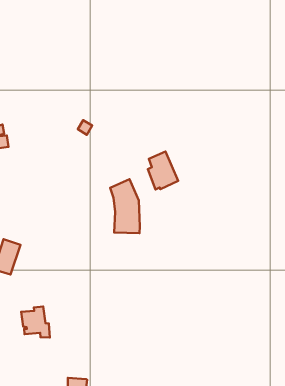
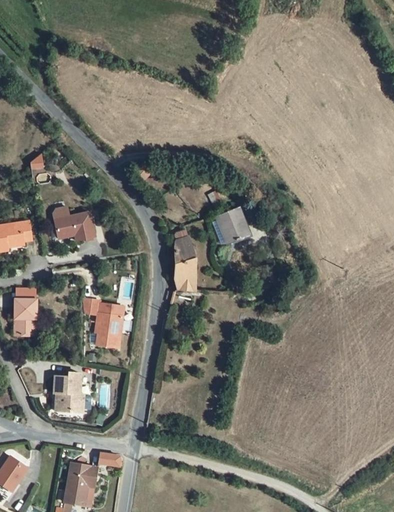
building: none -> [52,207,92,239]
building: none -> [96,299,125,345]

